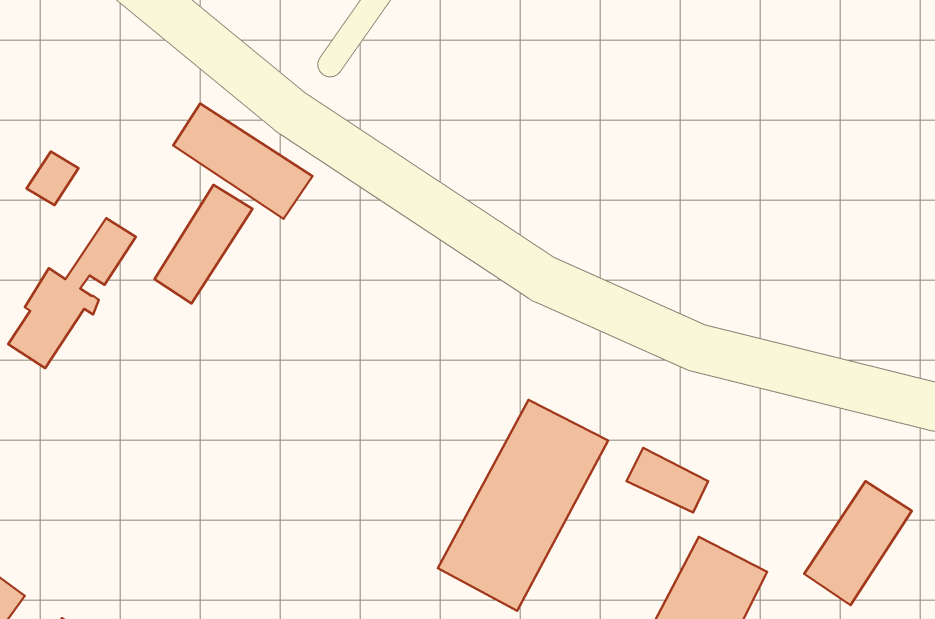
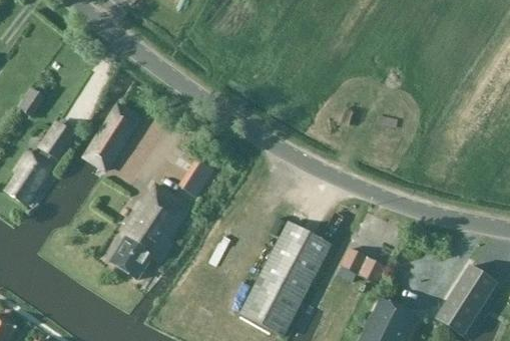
building: [173,104,312,219] -> none
building: none -> [182,159,213,197]
building: none -> [113,185,189,274]

